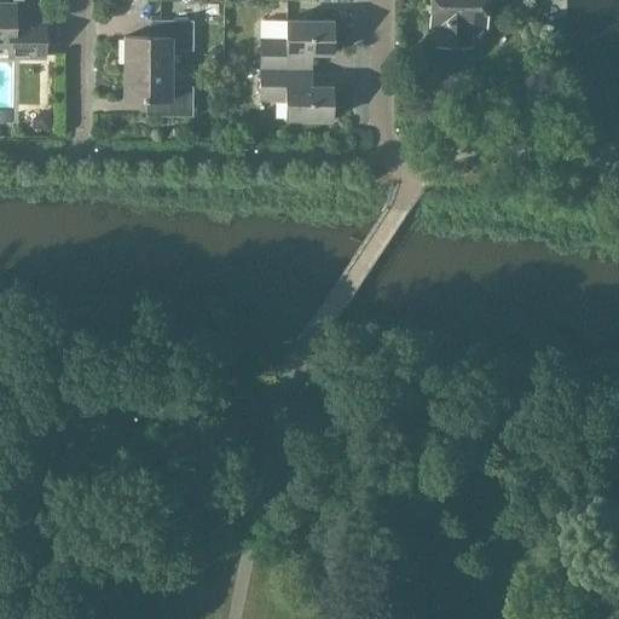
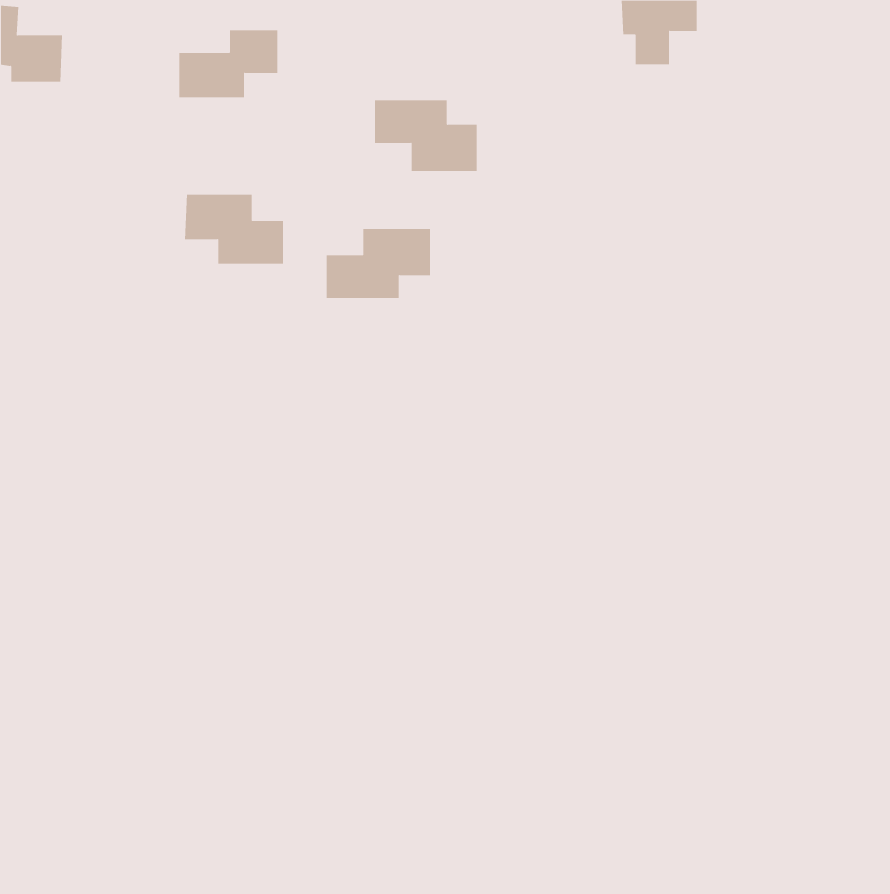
building: [261,21,334,69] -> [326,229,431,299]
building: [125,68,193,116] -> [184,194,284,264]

